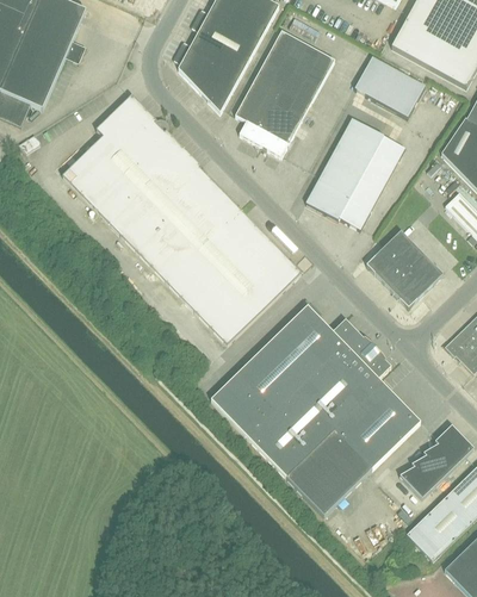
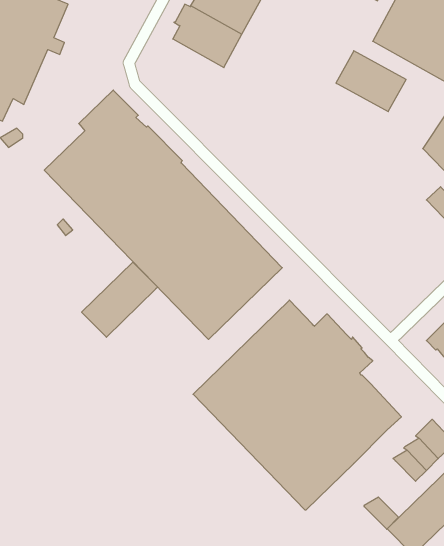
building: [235,29,335,156] -> none
building: [174,41,242,111] -> none
building: [305,117,405,228] -> none
building: [366,229,442,306] -> none
building: none -> [82,262,158,337]
building: [399,465,434,497] -> [364,497,399,529]

